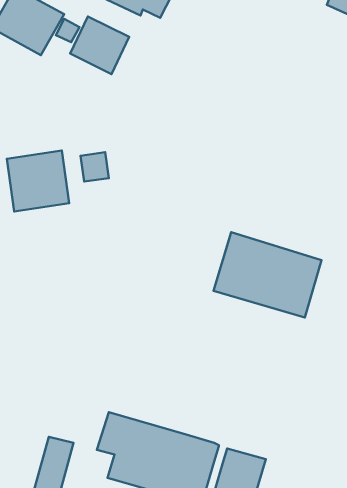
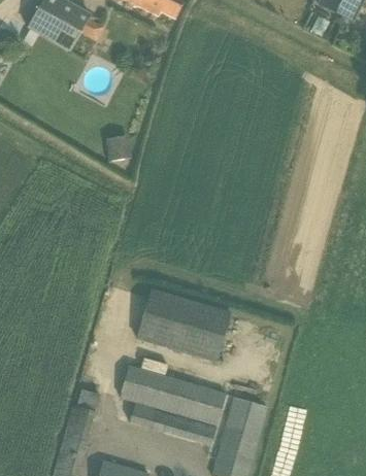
building: [70,17,129,74] -> none
building: [7,150,69,212] -> none
building: [214,232,321,318] -> [136,287,231,363]

